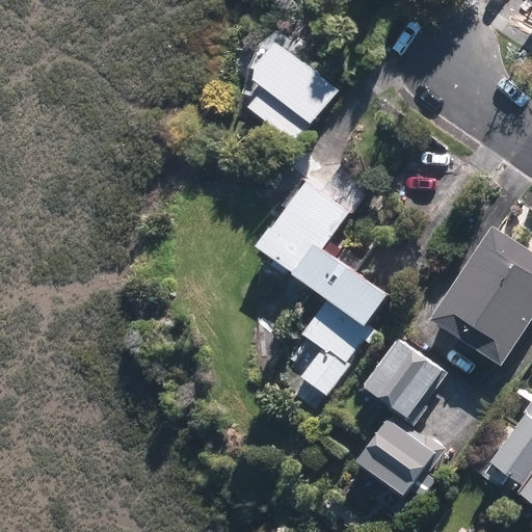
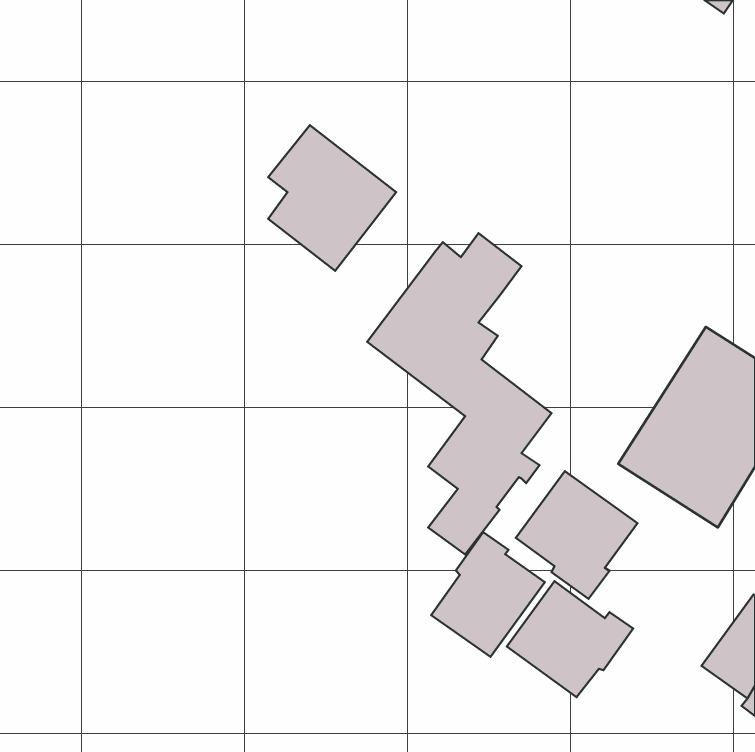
building: [250,39,340,141] -> [268,125,396,271]
building: none -> [431,532,545,657]

